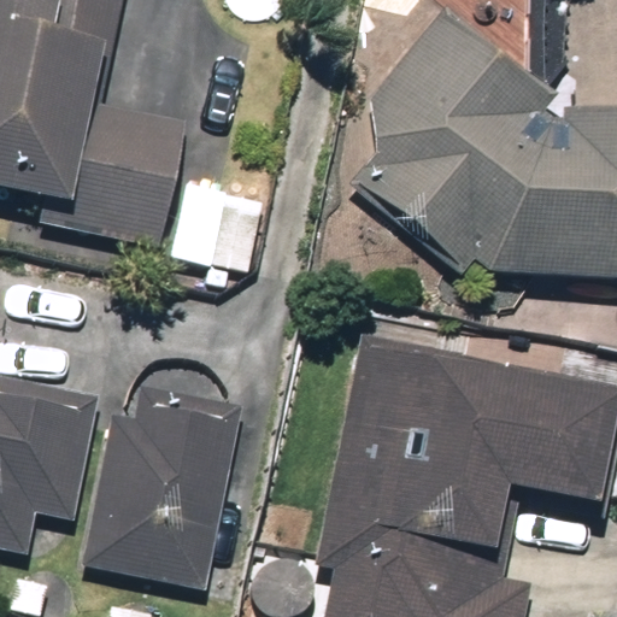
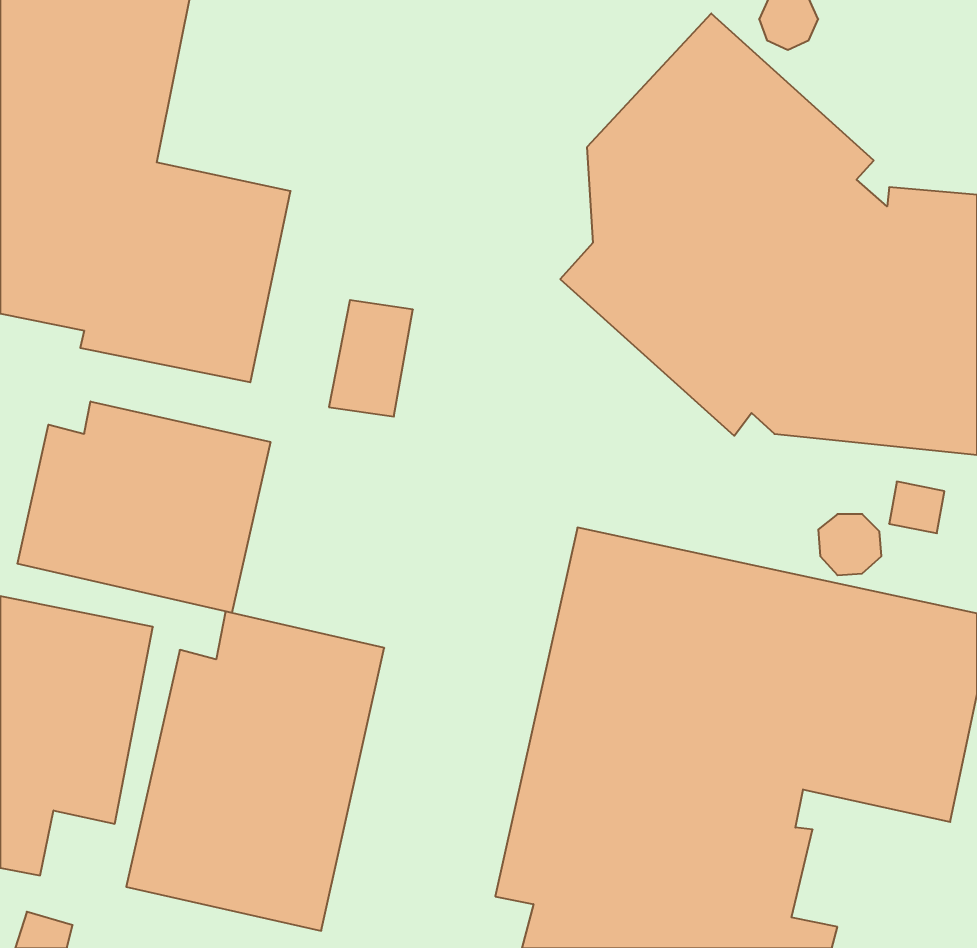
building: none -> [17,401,270,613]

